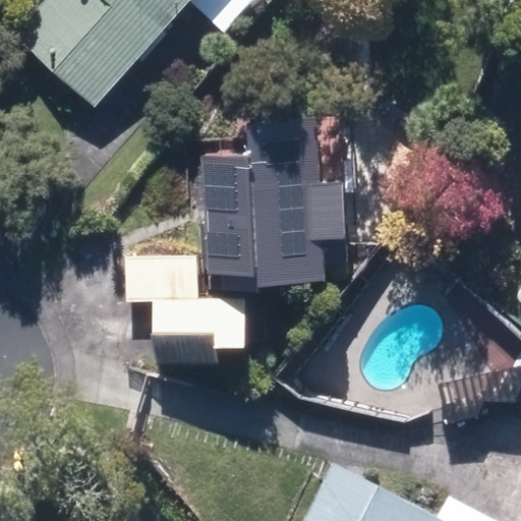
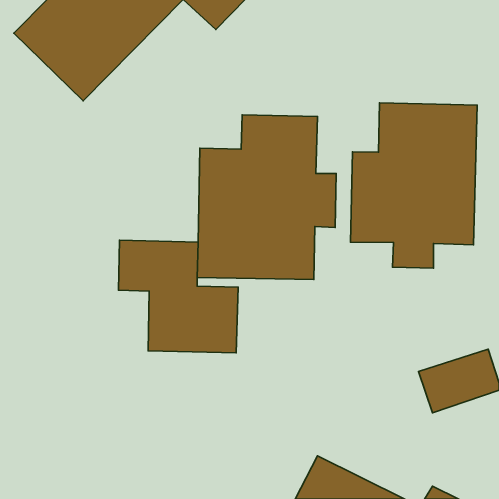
building: none -> [351,103,477,268]

